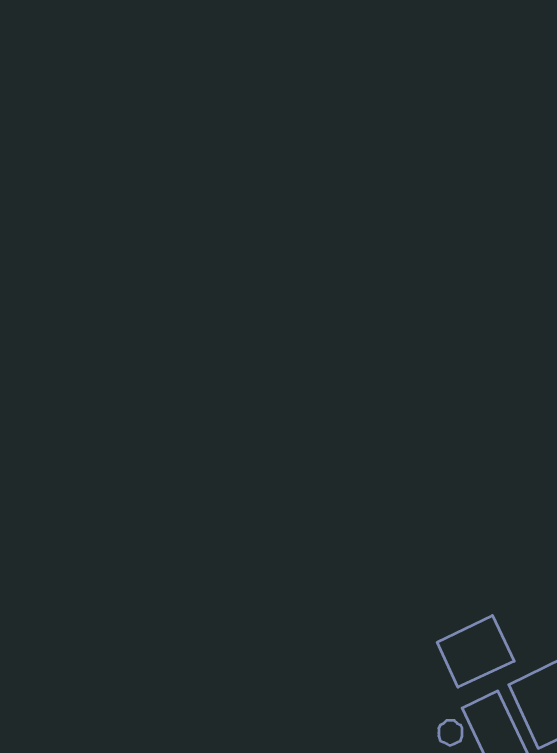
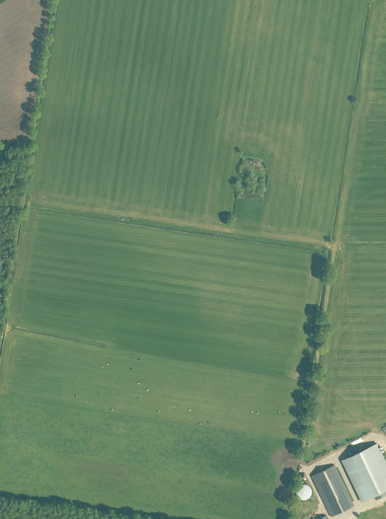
building: [437,615,514,687] -> none

